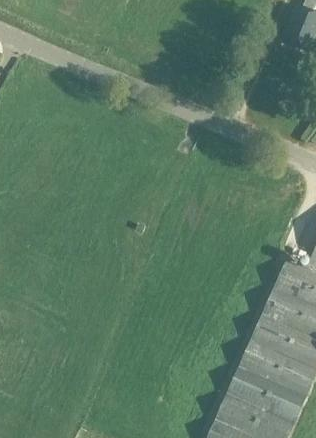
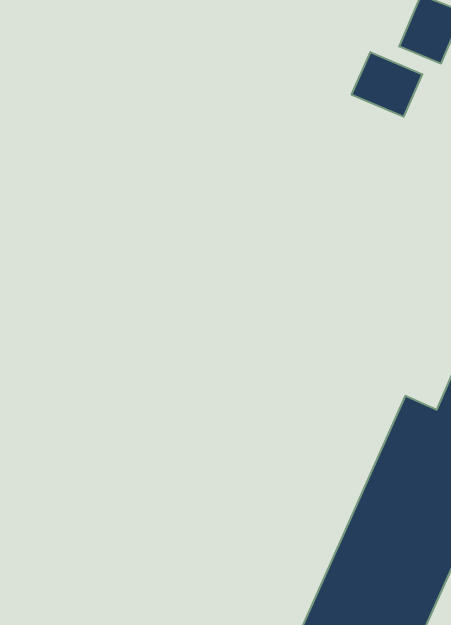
building: none -> [352,52,422,117]

